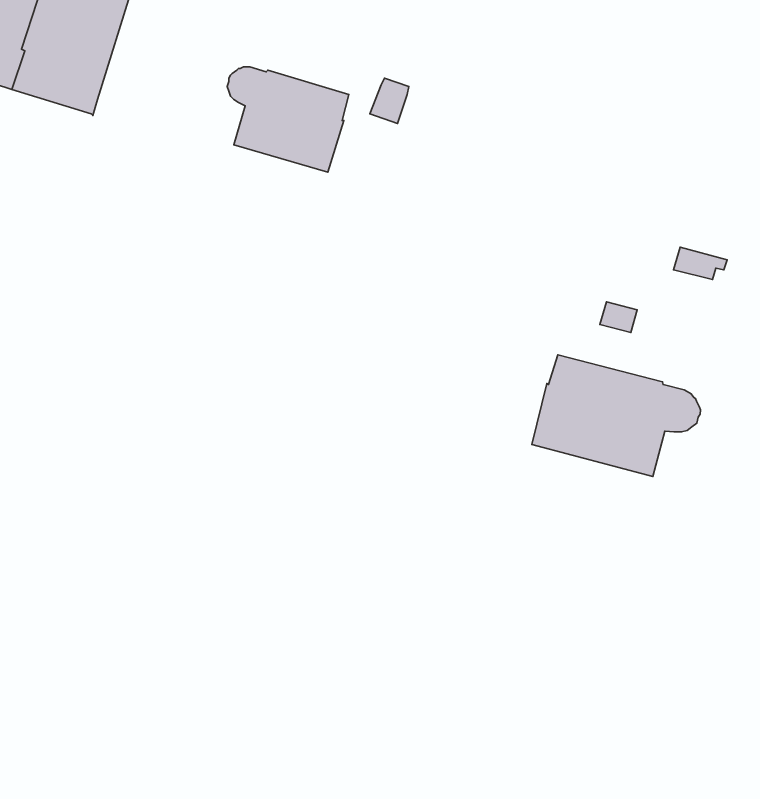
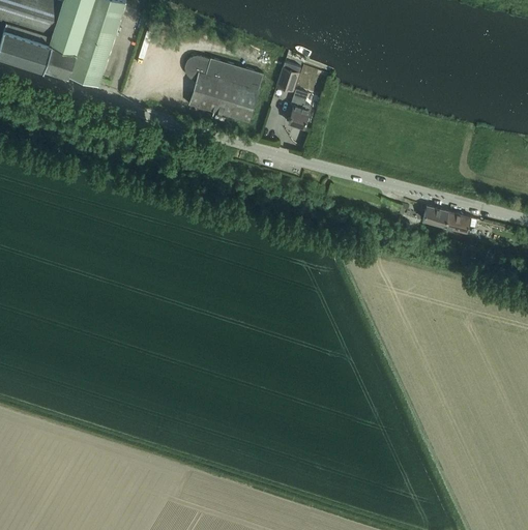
building: none -> [288,90,311,128]
building: [674,247,727,279] -> [442,210,476,231]
building: [532,355,700,476] -> none

